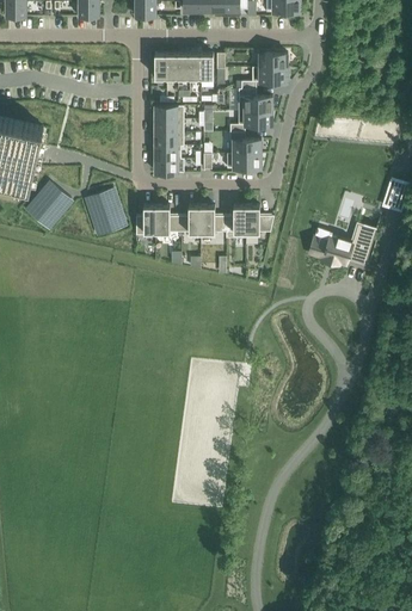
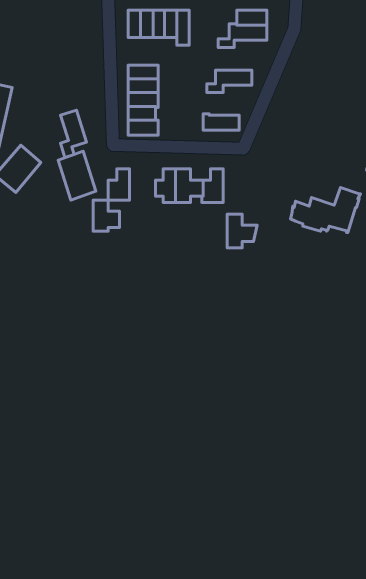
building: [238,88,272,111] -> none
building: [229,132,260,154] -> none
building: none -> [60,110,86,157]
building: [155,205,180,235] -> [93,200,119,231]
building: [245,205,273,237] -> [227,214,257,248]

